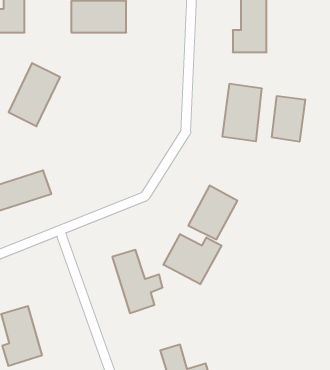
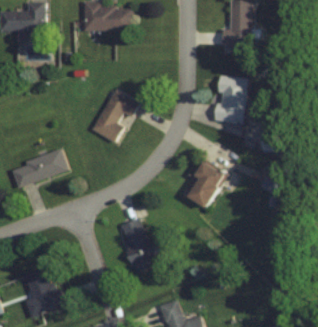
building: [9,63,60,126] -> [92,90,136,144]
building: [272,96,305,142] -> none
building: [163,234,221,284] -> none

